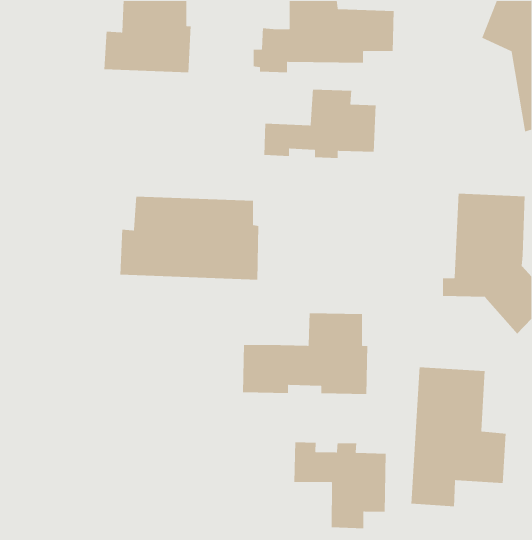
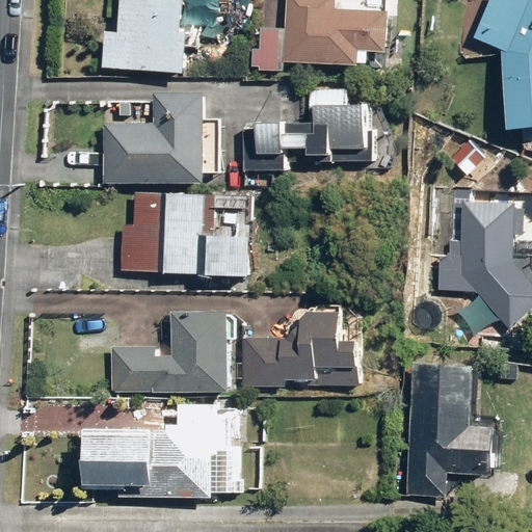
building: none -> [101,95,219,183]
building: none -> [108,310,232,394]
building: none -> [82,403,241,500]
building: [293,442,386,529] -> none

